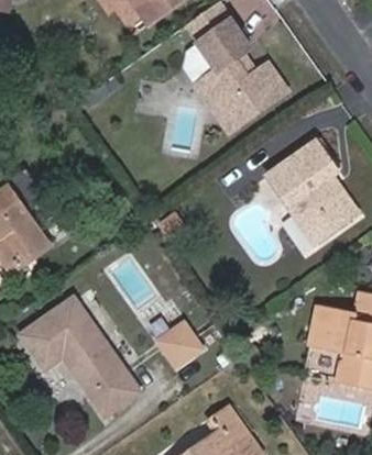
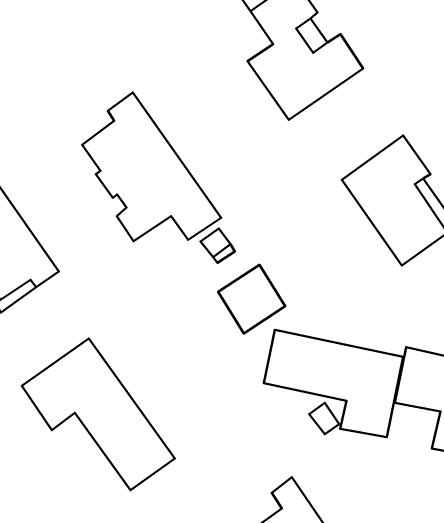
building: none -> [82,93,221,241]
building: none -> [264,330,403,437]
building: [160,313,211,366] -> [218,265,285,333]

